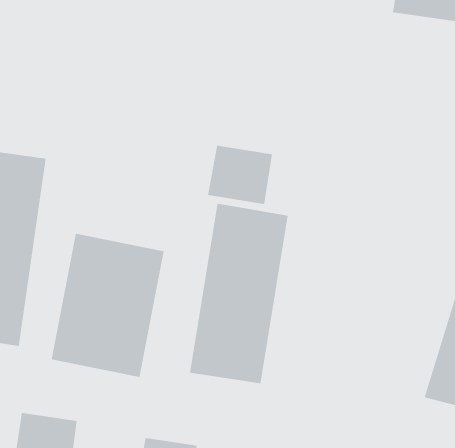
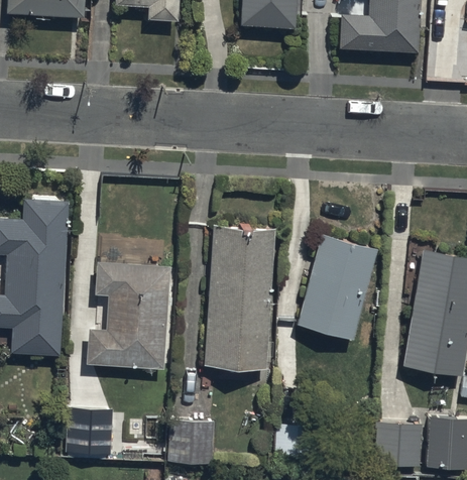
building: [207,145,273,205] -> none
building: none -> [298,235,380,337]

